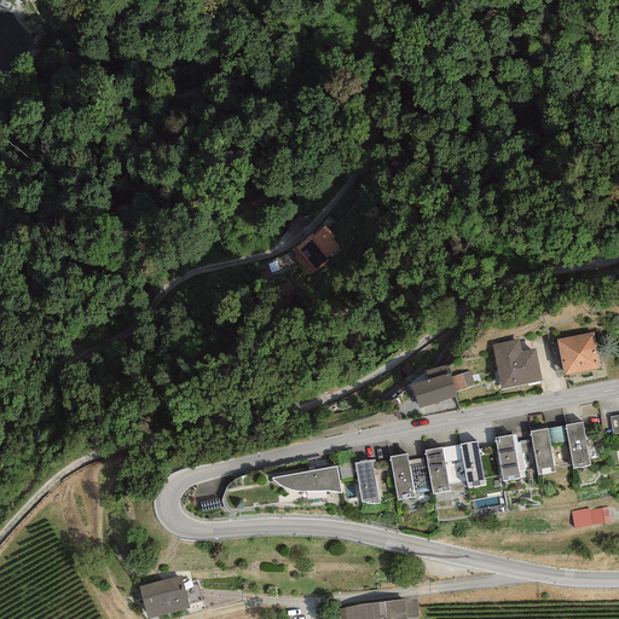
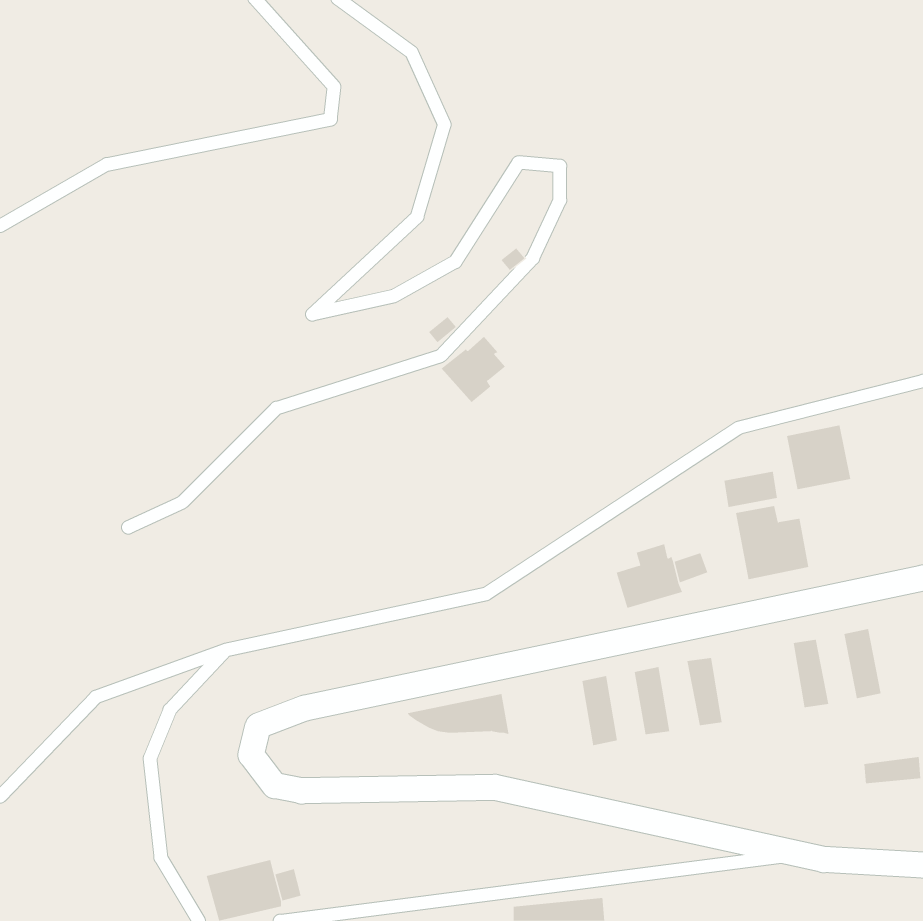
building: none -> [724,471,777,508]
building: [556,331,600,375] -> [786,425,851,490]
building: [494,434,519,480] -> none
building: [354,459,380,504] -> none

